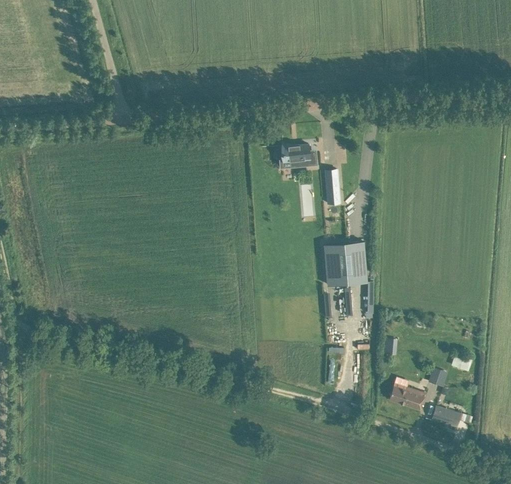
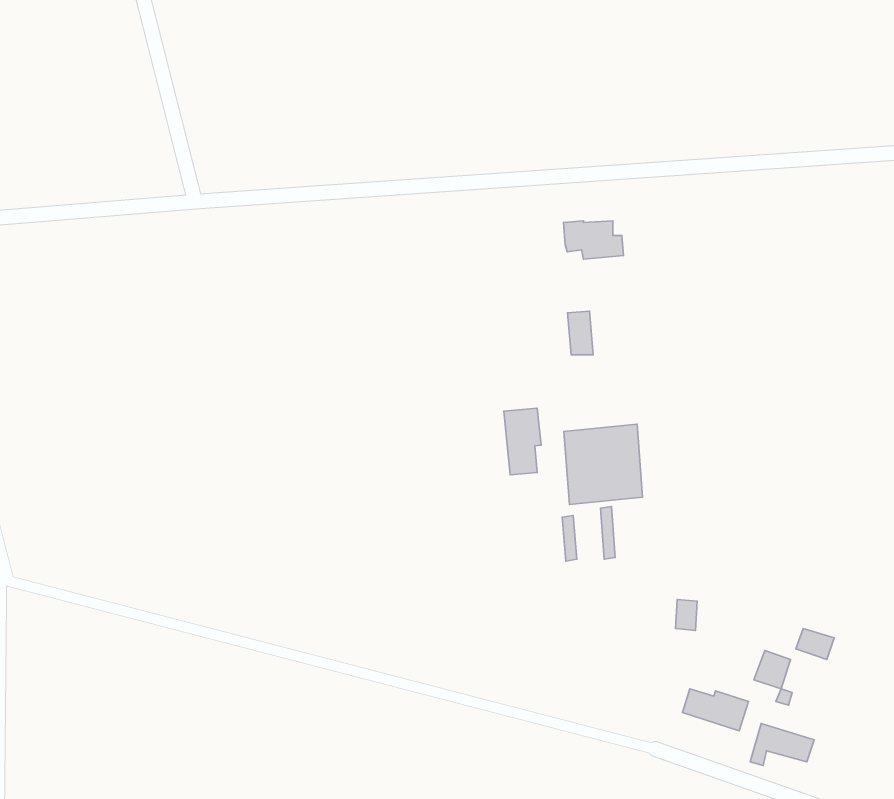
building: [282,144,315,165] -> [563,221,624,259]
building: none -> [504,408,541,475]

